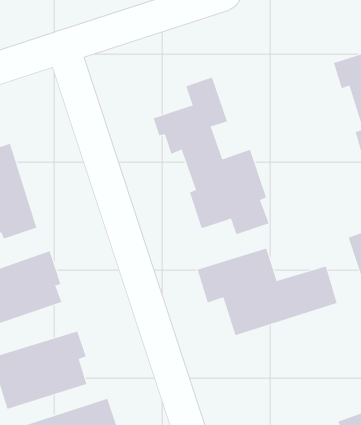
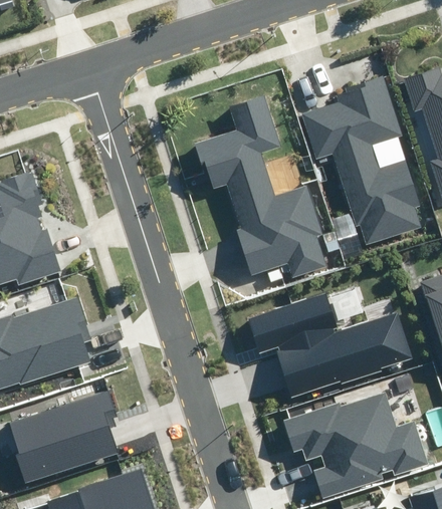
building: none -> [301,77,421,245]
building: none -> [280,395,426,495]

